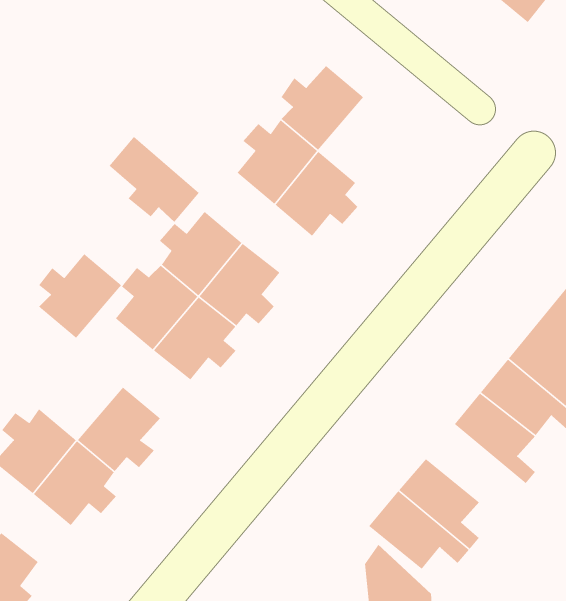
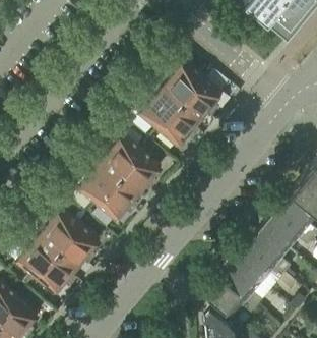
building: none -> [180,75,223,119]
building: [108,136,200,223] -> none
building: [38,253,122,339] -> [38,207,80,250]
building: none -> [235,242,286,282]

